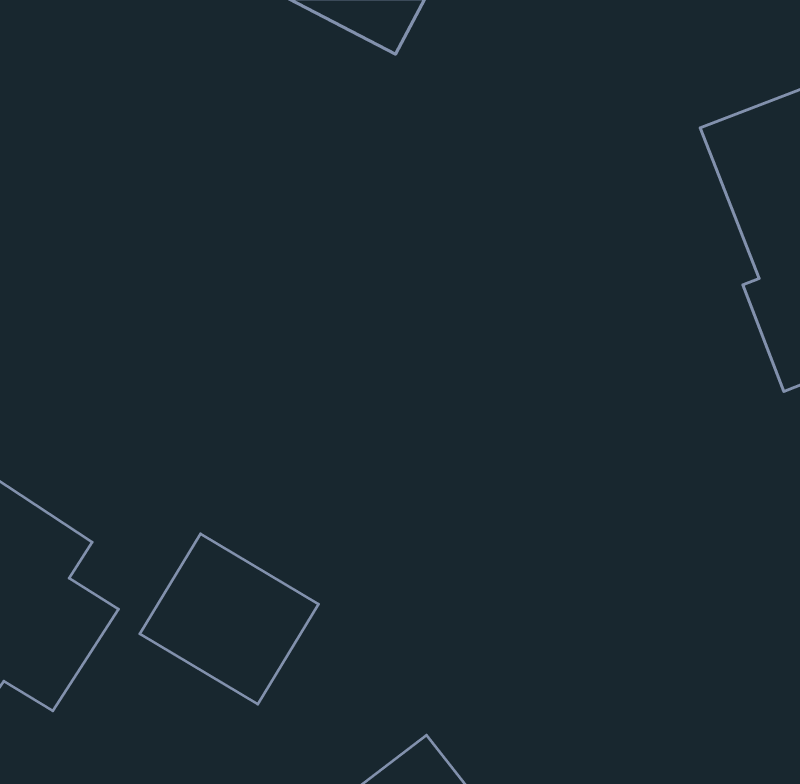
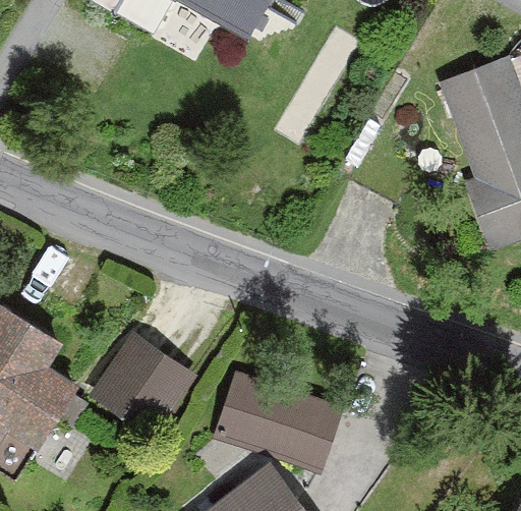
building: none -> [215,373,341,466]

